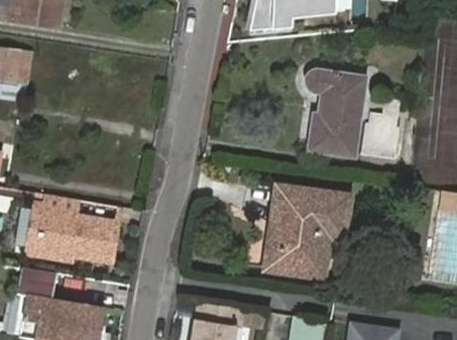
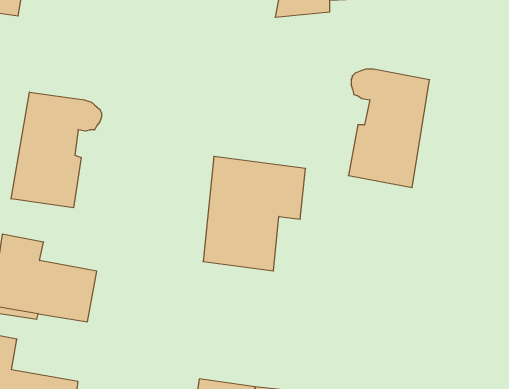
building: none -> [11,92,101,208]
building: [268,188,346,274] -> [203,157,306,271]

